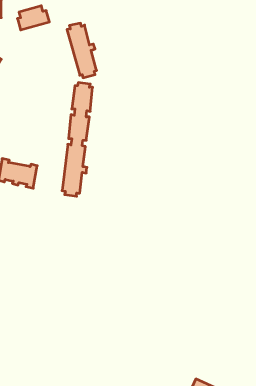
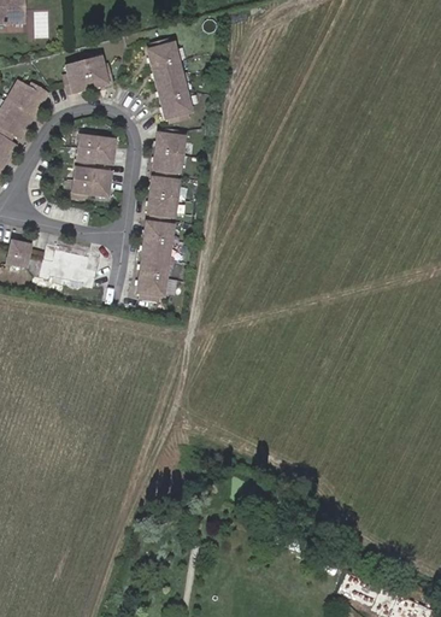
building: [17,6,49,30] -> [63,57,111,93]
building: none -> [72,130,114,198]

